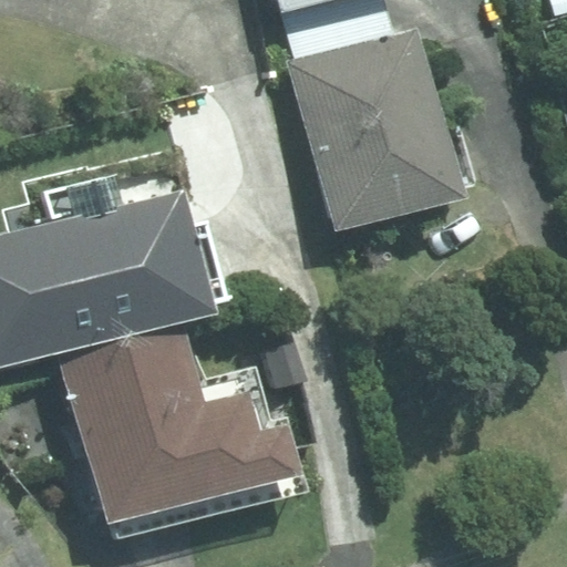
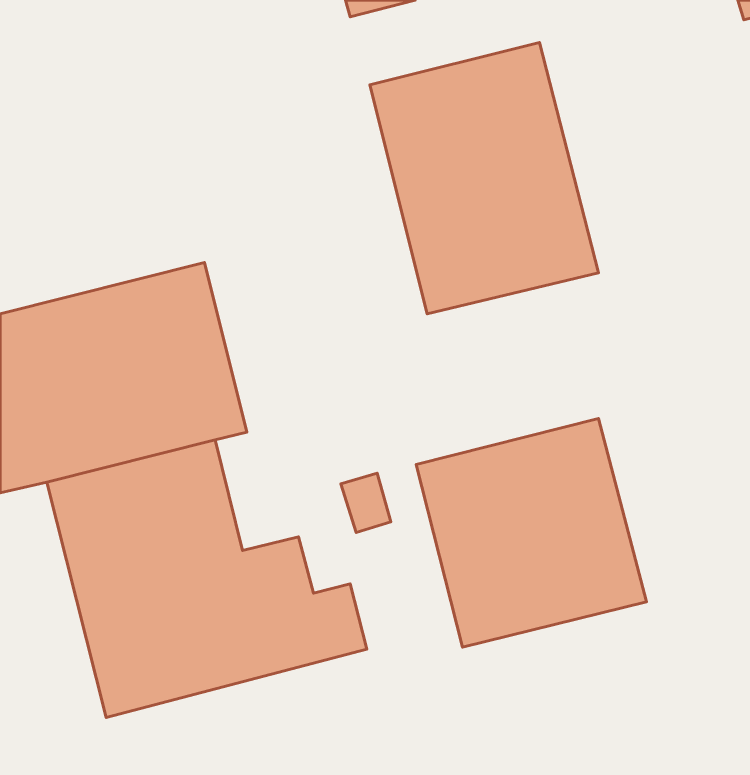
building: none -> [416,418,647,647]

